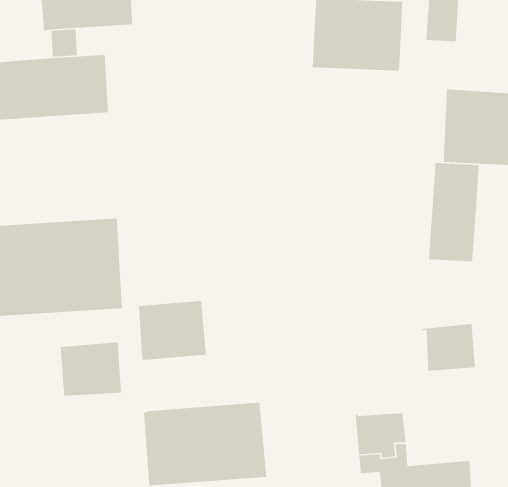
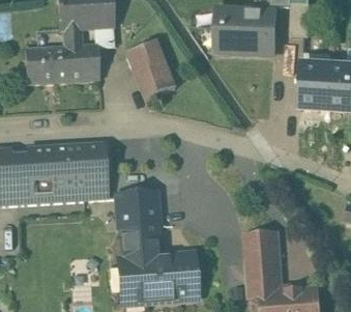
building: none -> [126,39,176,100]
building: [428,162,479,262] -> none
building: [421,323,476,371] -> [245,232,279,261]
building: [60,341,122,397] -> [121,225,158,258]

